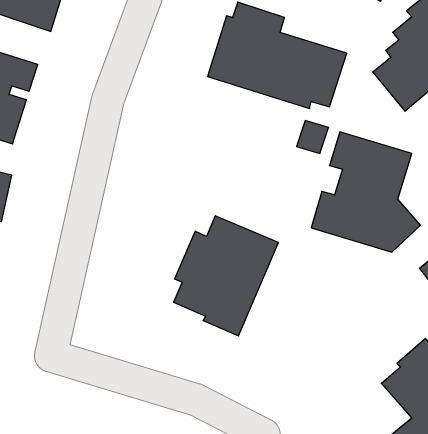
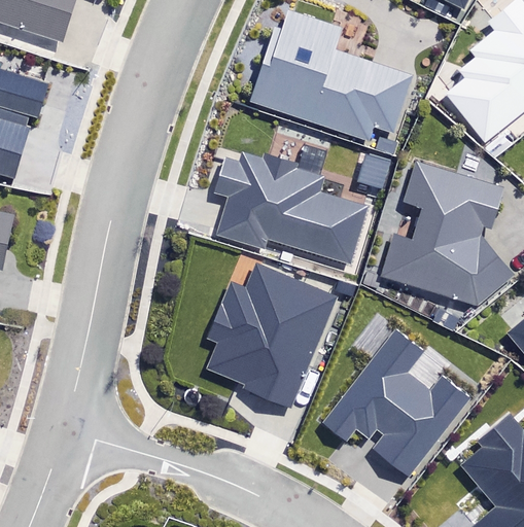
building: none -> [213,155,363,262]
building: none -> [323,327,478,480]

